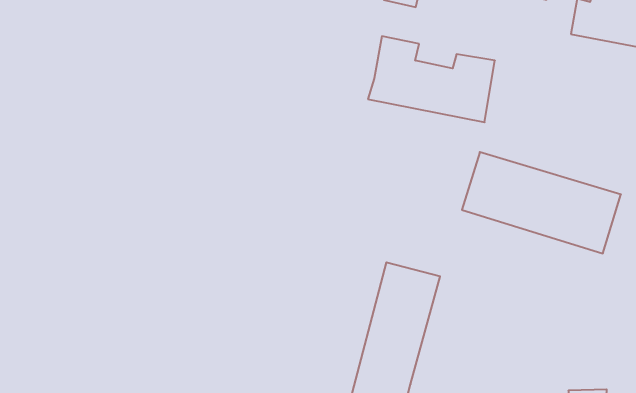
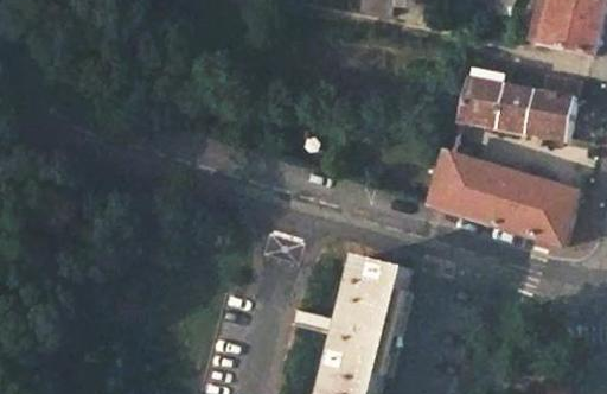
building: [368,36,495,122] -> [459,61,576,140]

